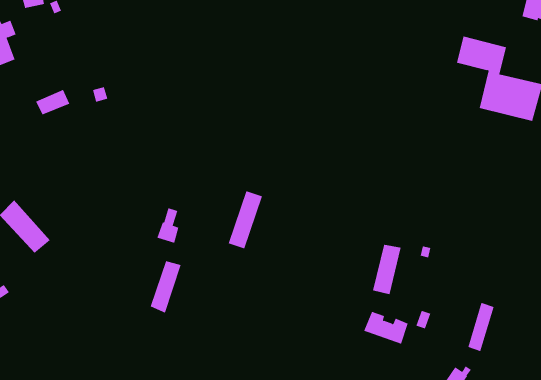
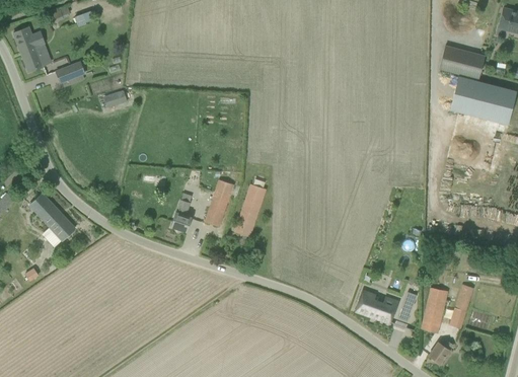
building: [35,89,70,115] -> [55,61,86,84]
building: [372,244,402,295] -> [421,288,447,333]
building: [150,260,181,313] -> [205,180,233,228]

